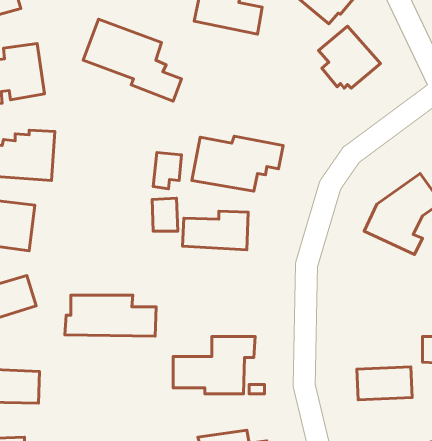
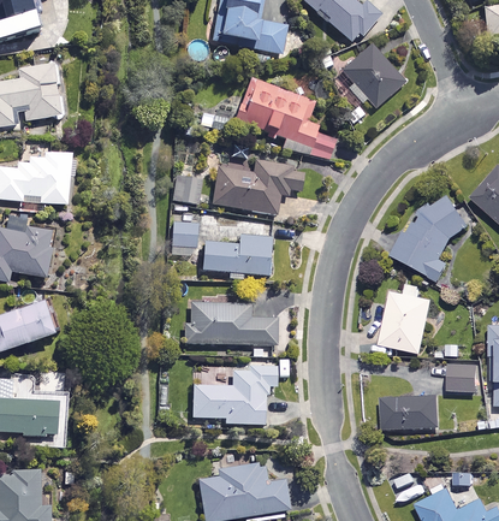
building: [83,19,181,101] -> [234,77,335,161]
building: none -> [380,283,432,353]
building: [65,295,156,336] -> [184,302,278,344]

